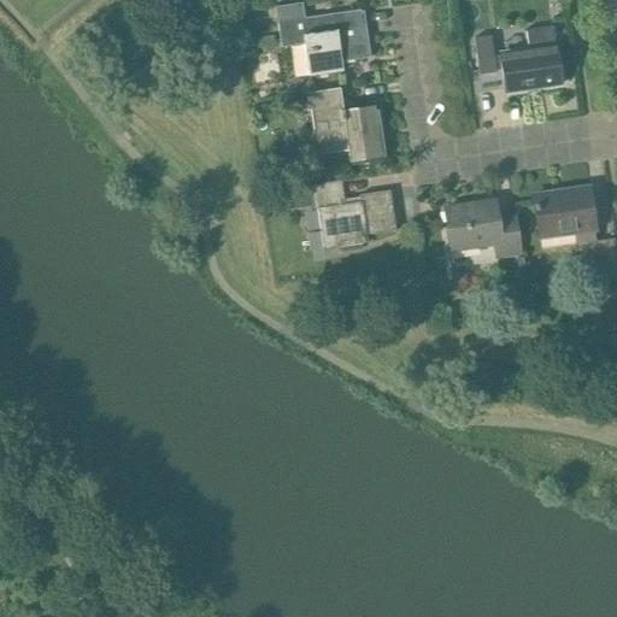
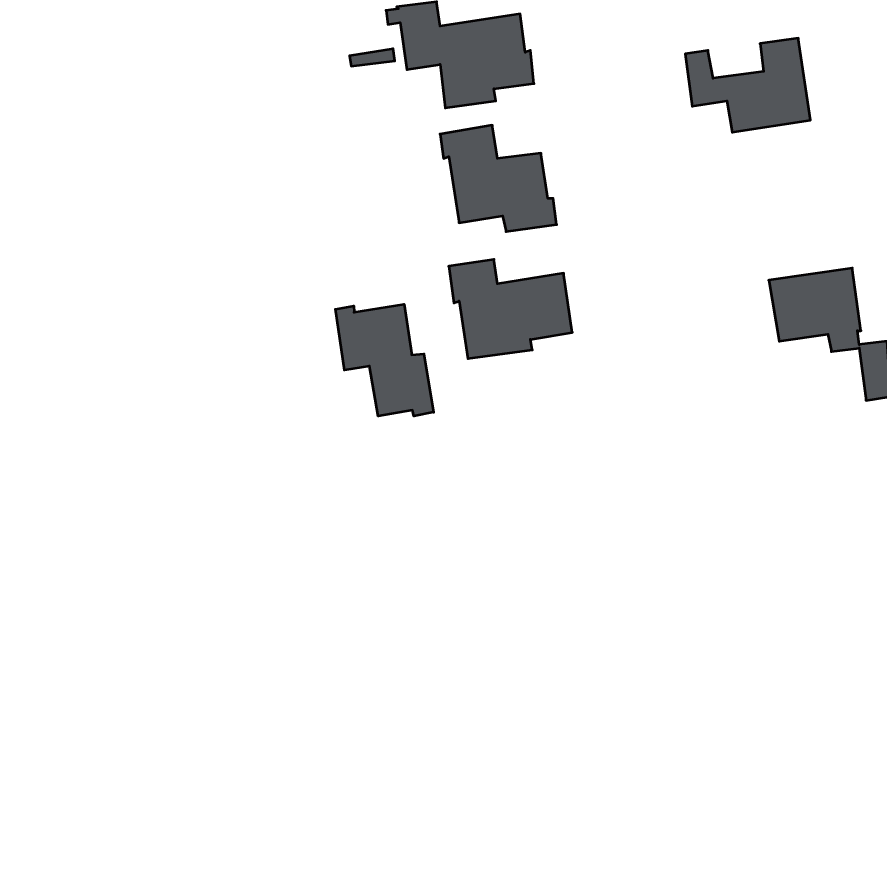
building: [446,200,522,255] -> none
building: none -> [335,304,434,416]

